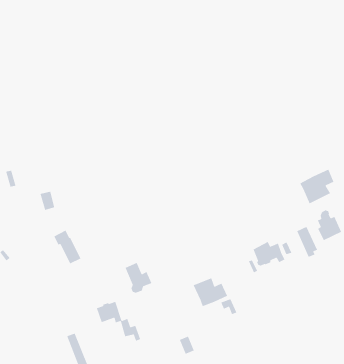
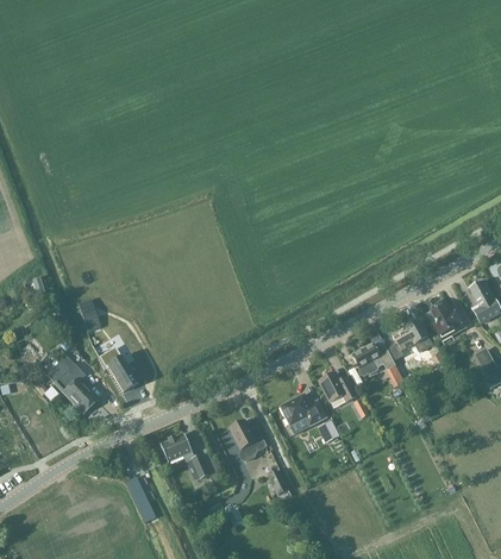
building: [299,169,335,204] -> none
building: none -> [45,356,98,414]
building: [125,262,153,294] -> [230,420,267,460]
building: none -> [320,372,357,402]

